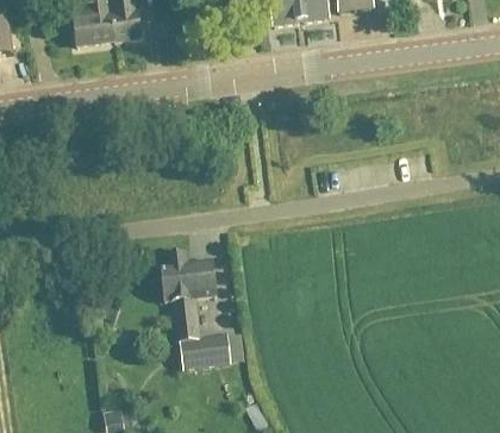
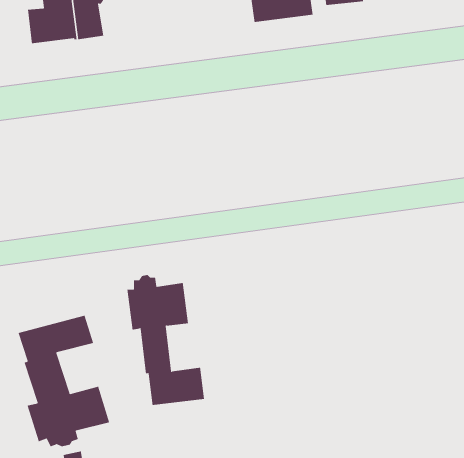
building: none -> [18,315,110,447]

